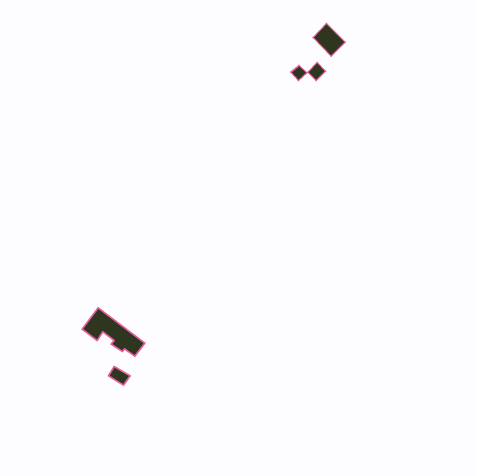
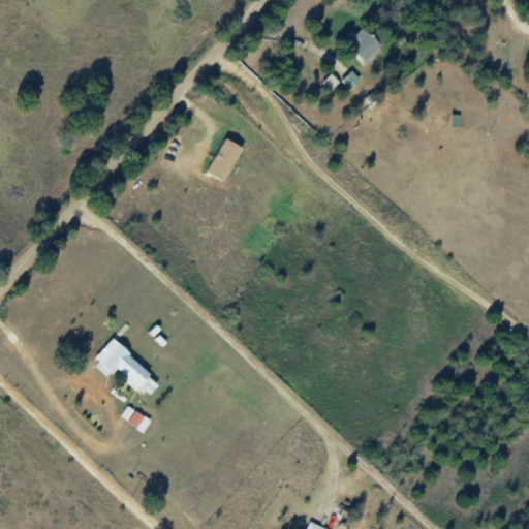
building: none -> [207,137,243,181]

